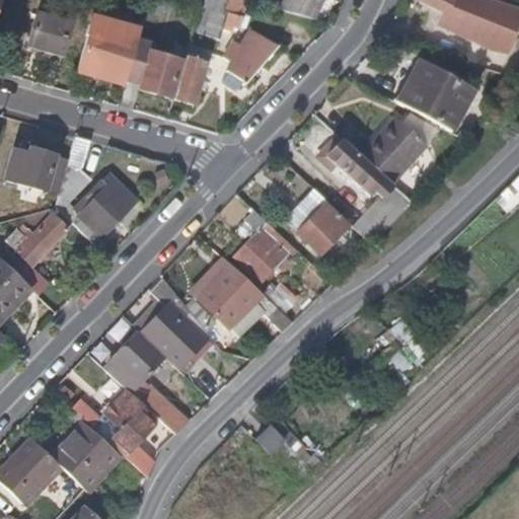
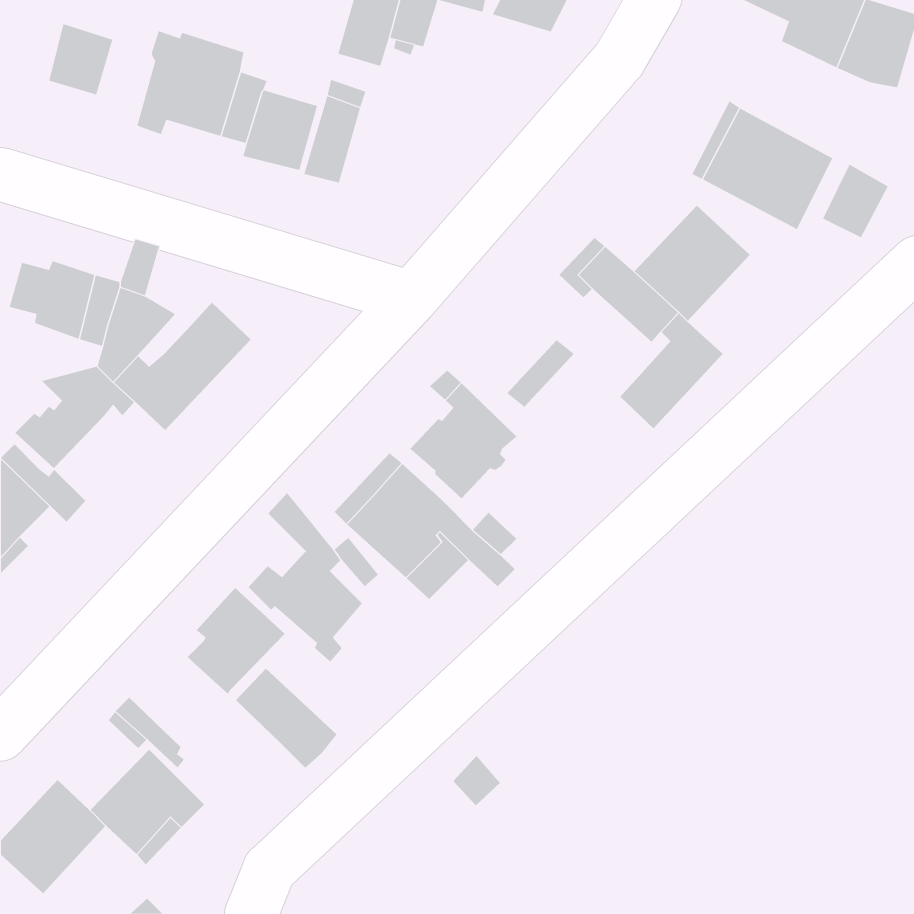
building: [221,32,276,94] -> none
building: none -> [823,164,889,238]
building: [298,200,350,252] -> none
building: [104,390,159,476] -> none

